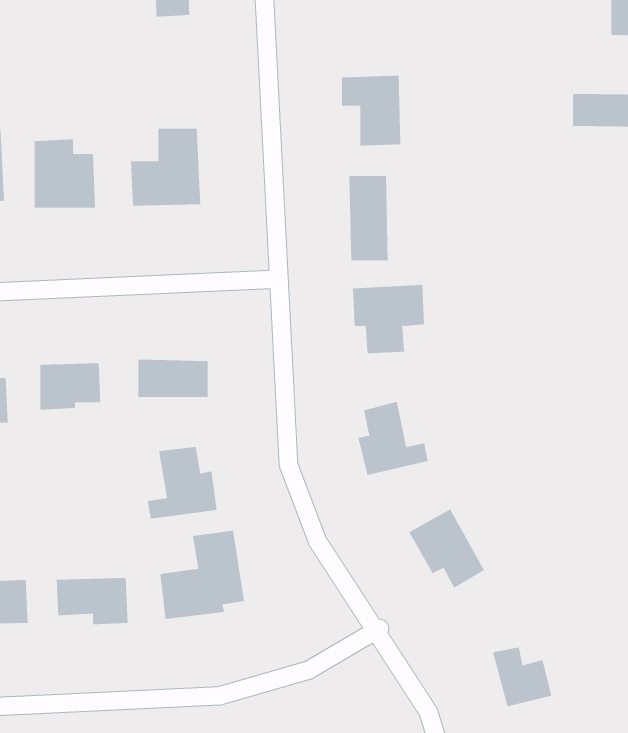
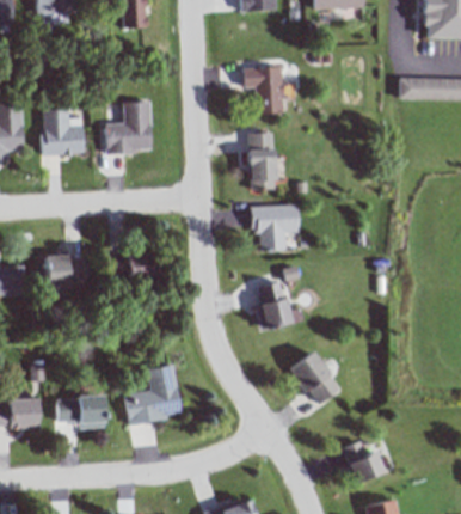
building: [147,446,217,519] -> none

